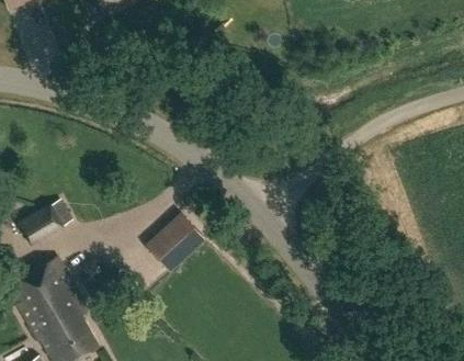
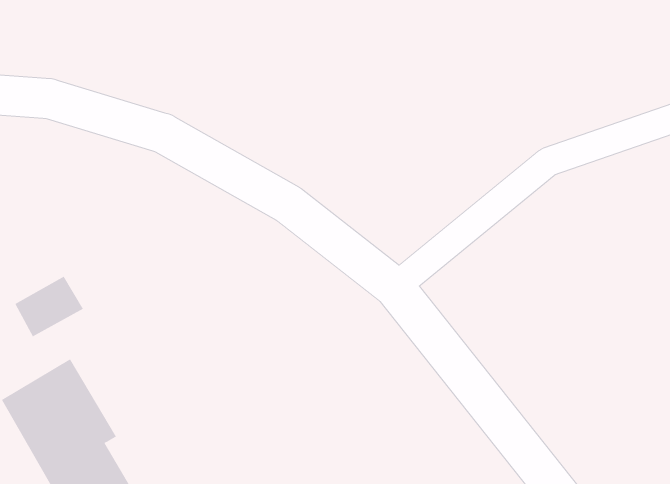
building: [146,212,206,271] -> none

